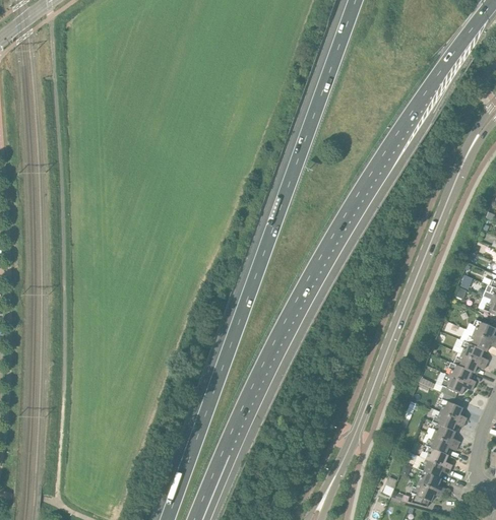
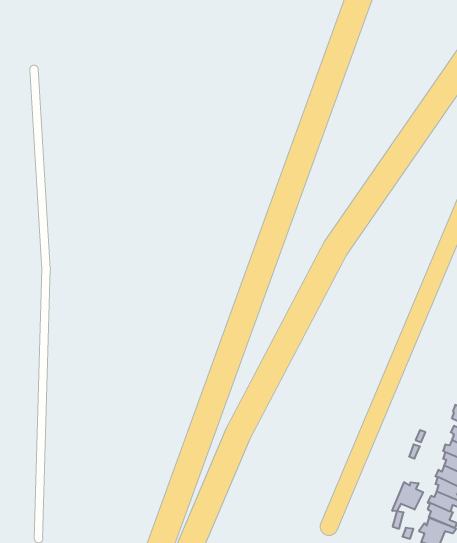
building: none -> [392,482,423,511]

